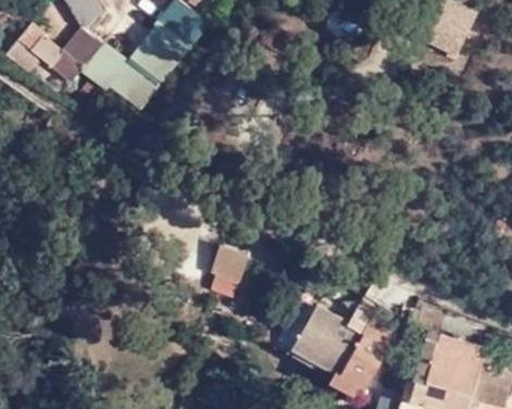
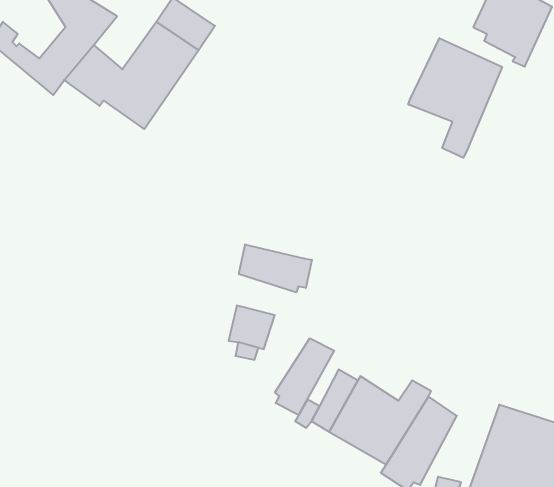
building: none -> [408,38,502,158]
building: none -> [239,244,312,292]
building: none -> [275,338,334,415]

